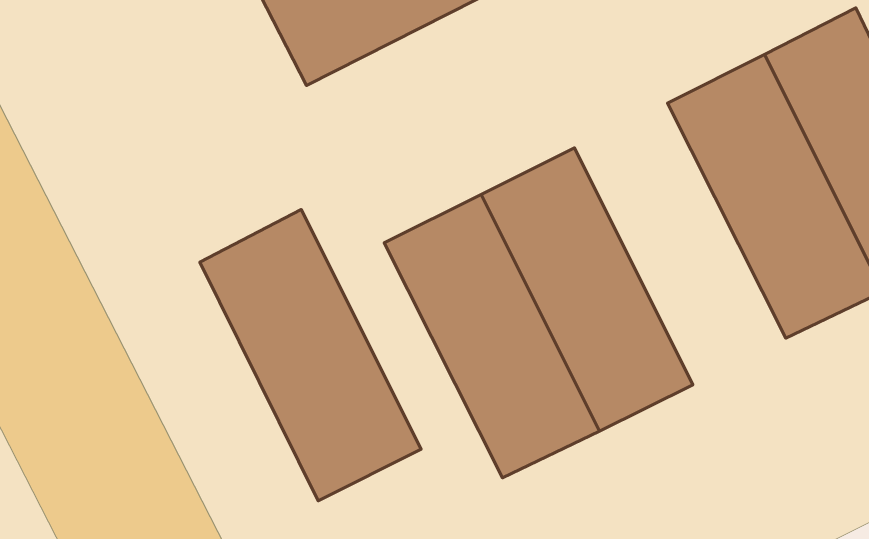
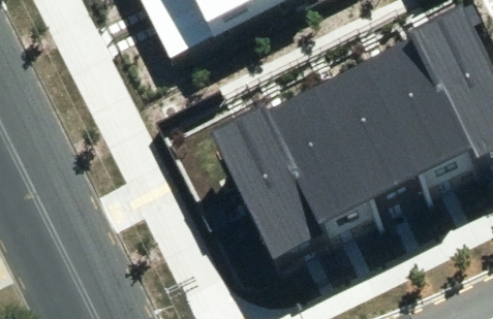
building: none -> [316,60,429,210]
building: [200,209,421,501] -> none

